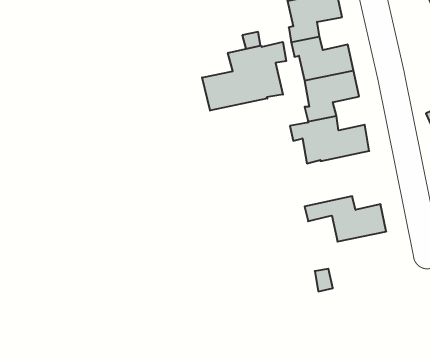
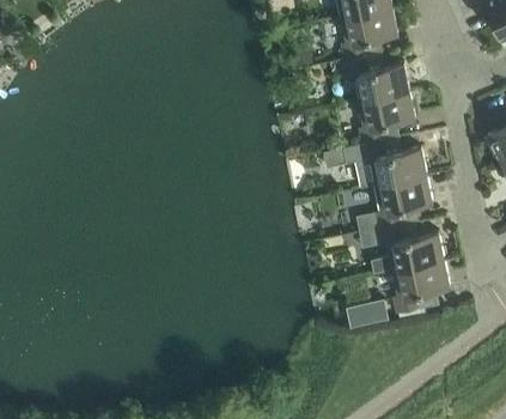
building: [202,42,286,111] -> none
building: none -> [356,174,433,232]
building: none -> [394,259,450,312]

